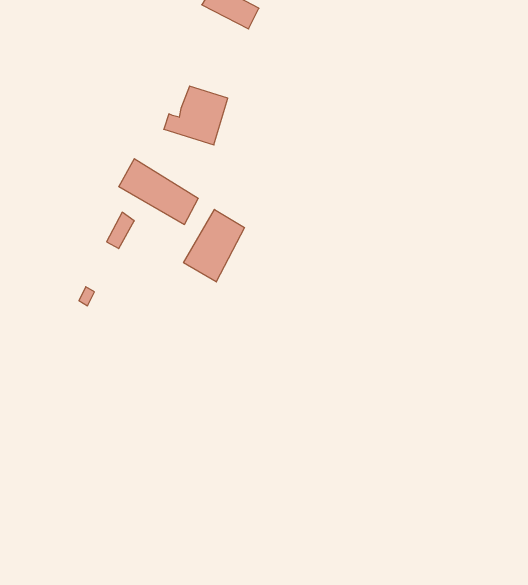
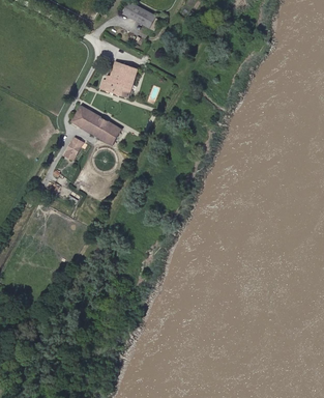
building: [184,209,244,282] -> none

